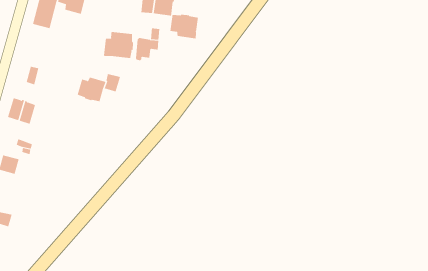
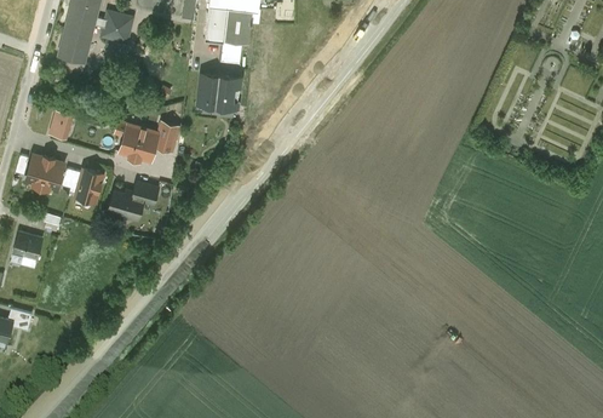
building: [170,14,199,39] -> none
building: [103,31,134,59] -> none
building: none -> [75,172,102,205]
building: none -> [108,185,157,223]

